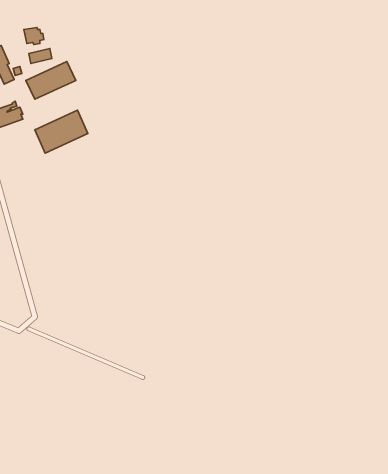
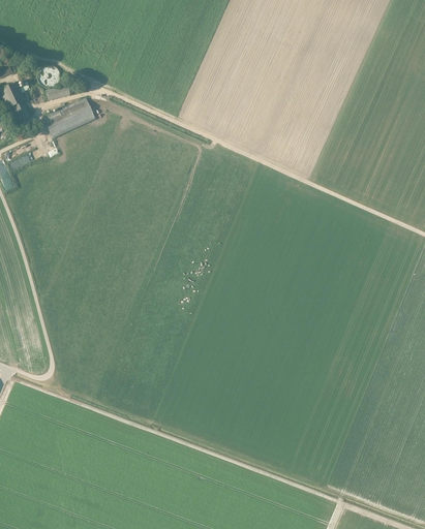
building: [35,110,88,153] -> none

